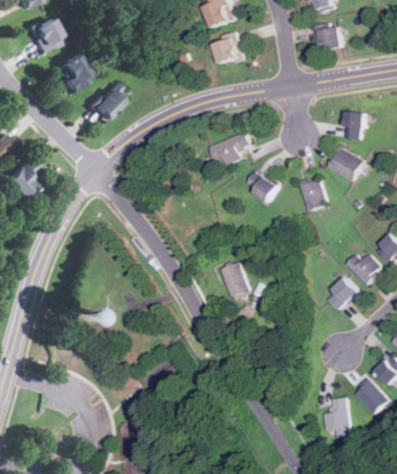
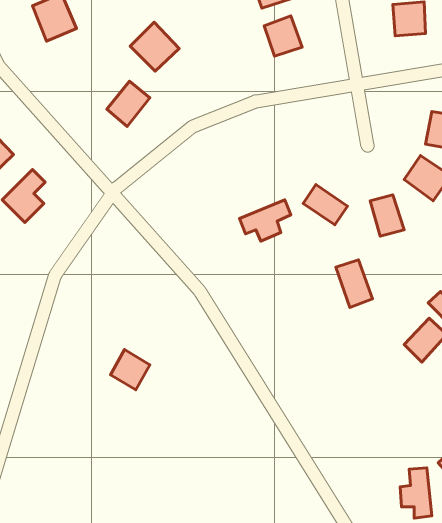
building: [54,51,94,91] -> [130,22,179,71]
building: [211,131,253,165] -> [239,200,291,241]
building: [222,263,252,302] -> [336,260,372,308]

